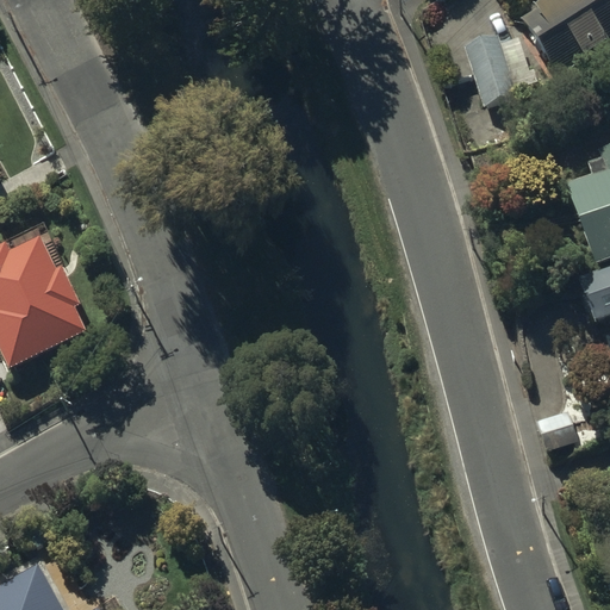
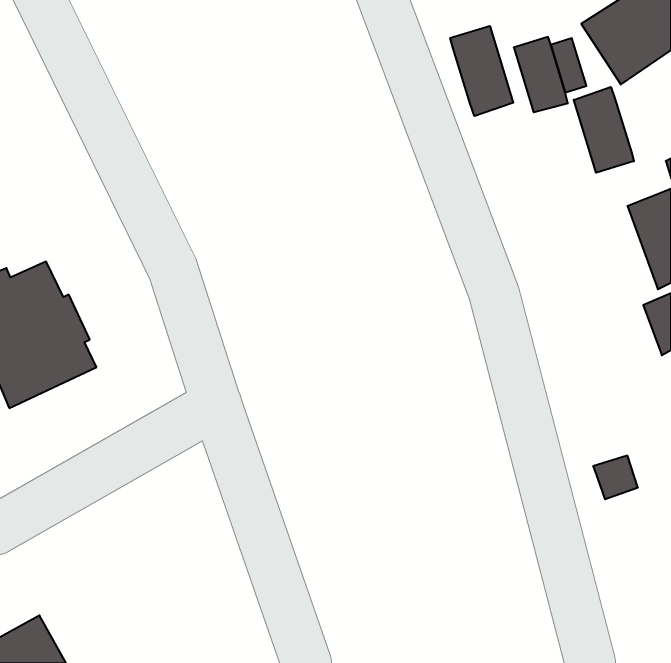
building: none -> [450,26,513,116]
building: none -> [574,87,634,173]

